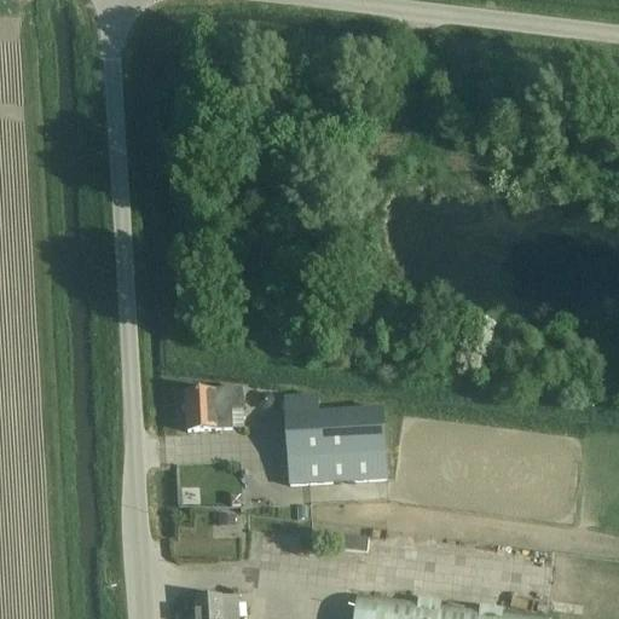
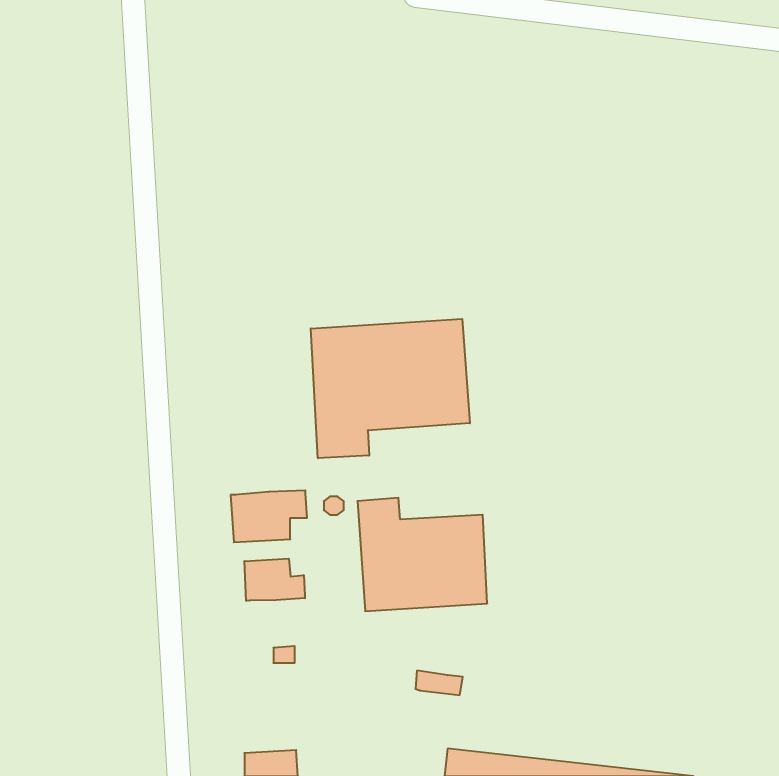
building: none -> [311,319,470,458]
building: none -> [244,559,305,601]

